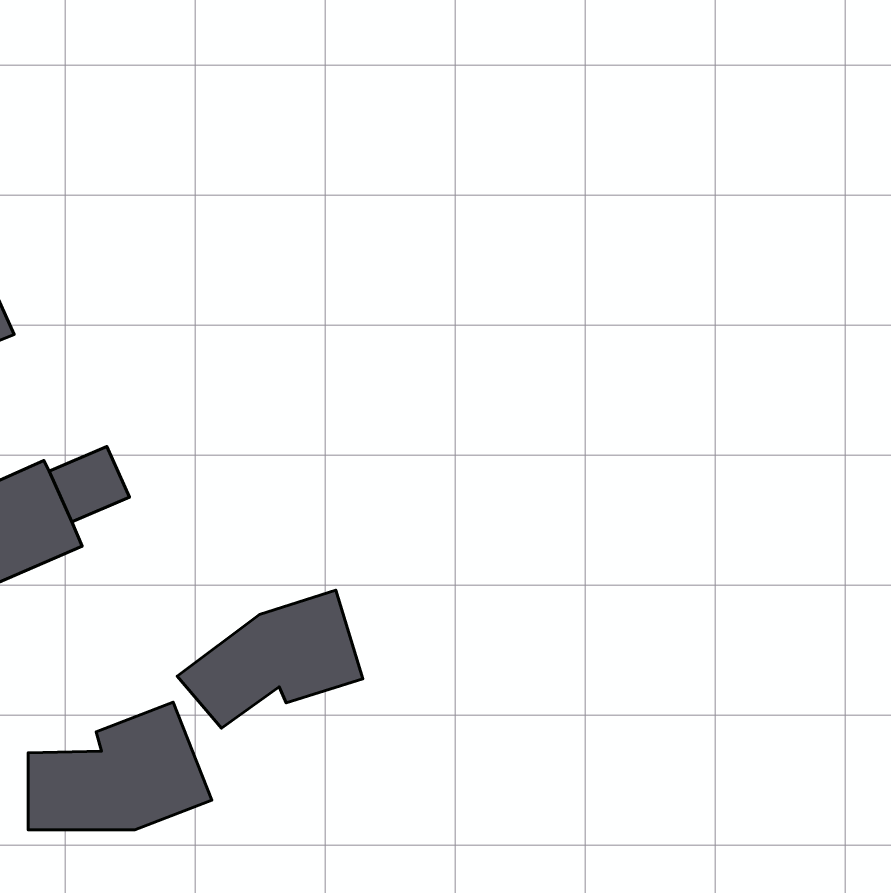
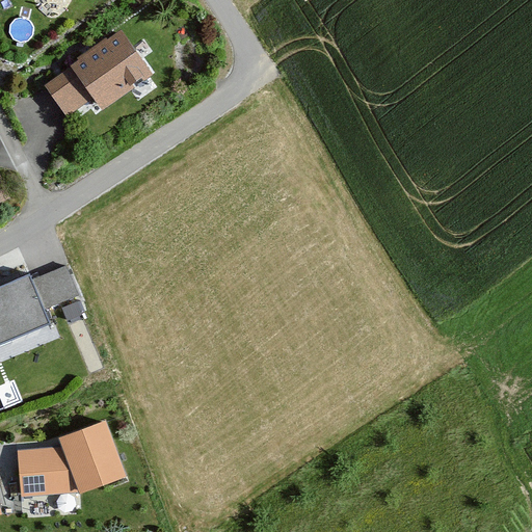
building: none -> [43,32,151,117]
building: [177,590,363,728] -> none

